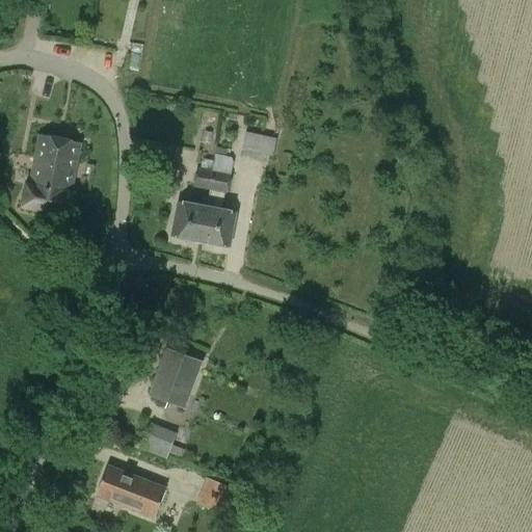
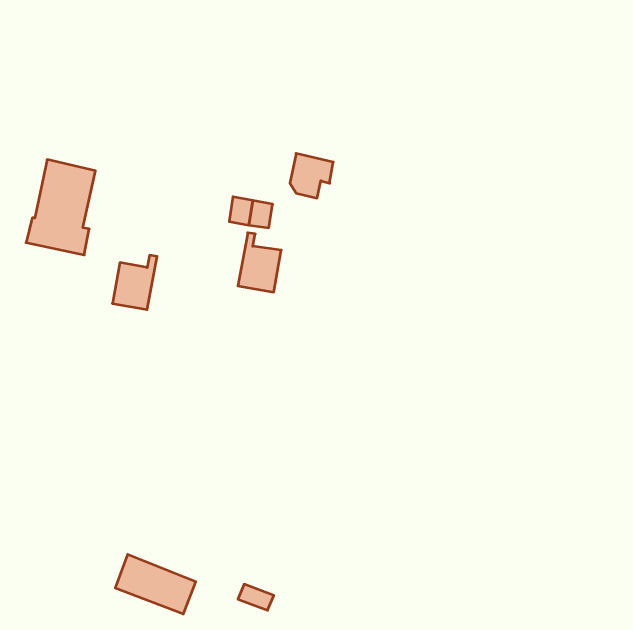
building: [170,194,208,240] -> [112,255,157,310]
building: [150,348,201,406] -> none
building: [143,421,179,456] -> none

